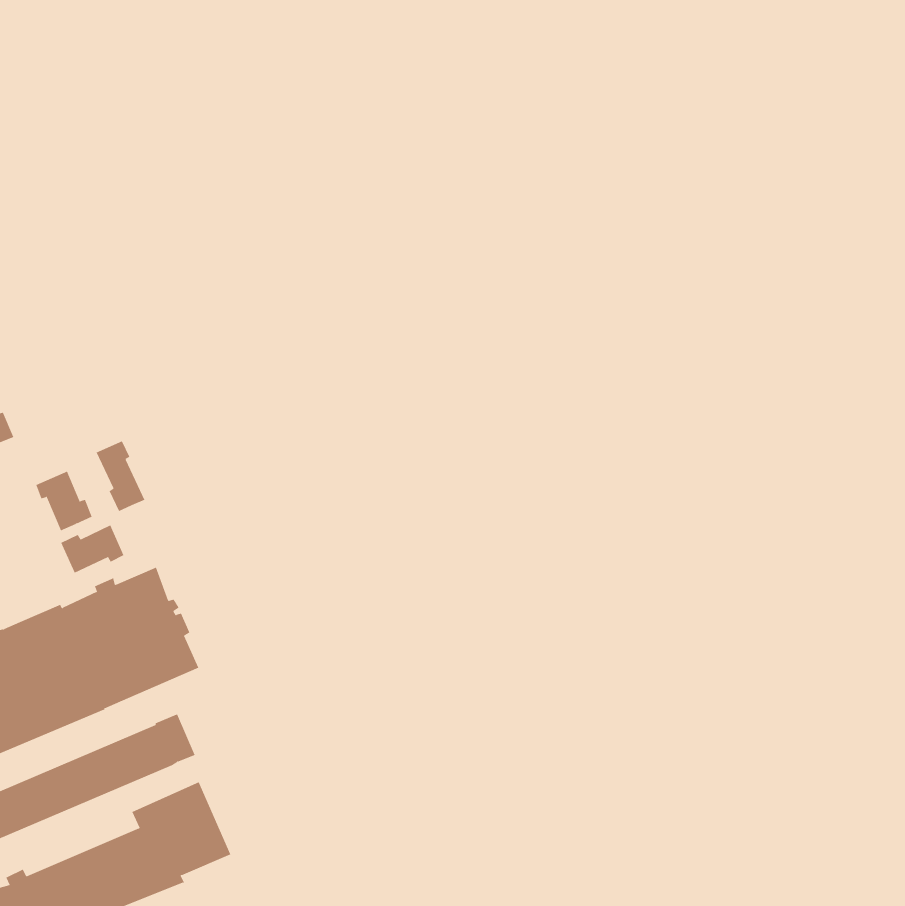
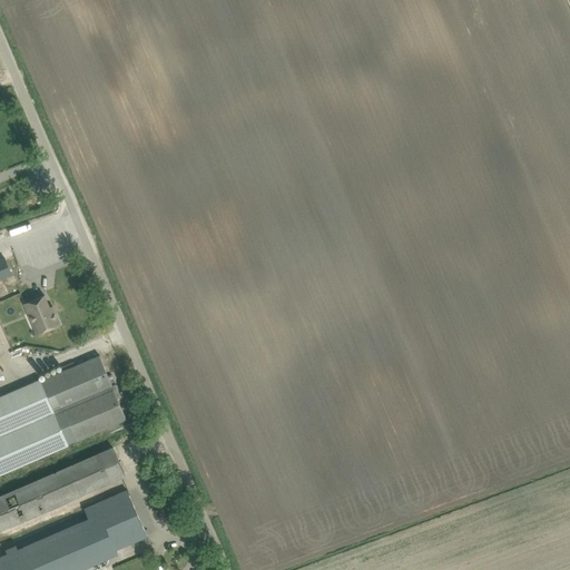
building: [96,440,145,512] -> none
building: [61,525,124,574] -> none

